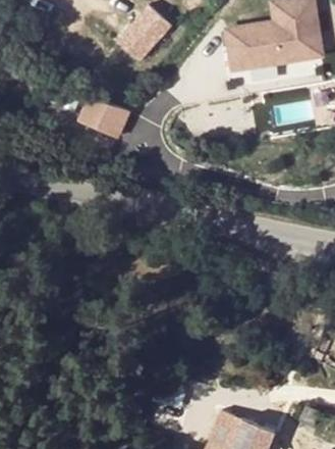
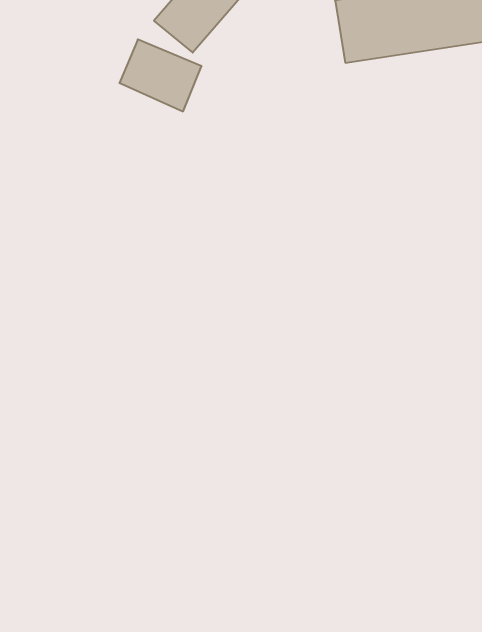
building: [79,92,129,136] -> [119,39,202,111]

